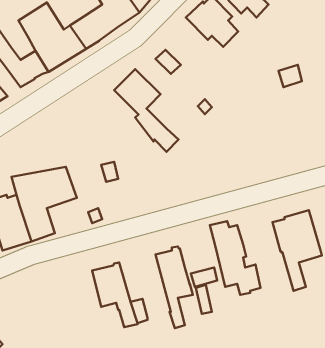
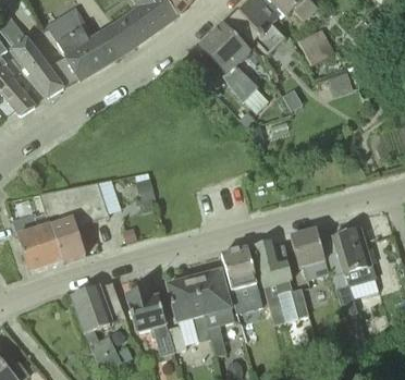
building: none -> [298,29,330,63]
building: [114,69,179,152] -> [200,23,270,112]
building: none -> [291,228,330,279]
building: none -> [221,246,257,289]
building: none -> [168,275,211,341]
building: none -> [71,281,133,370]

